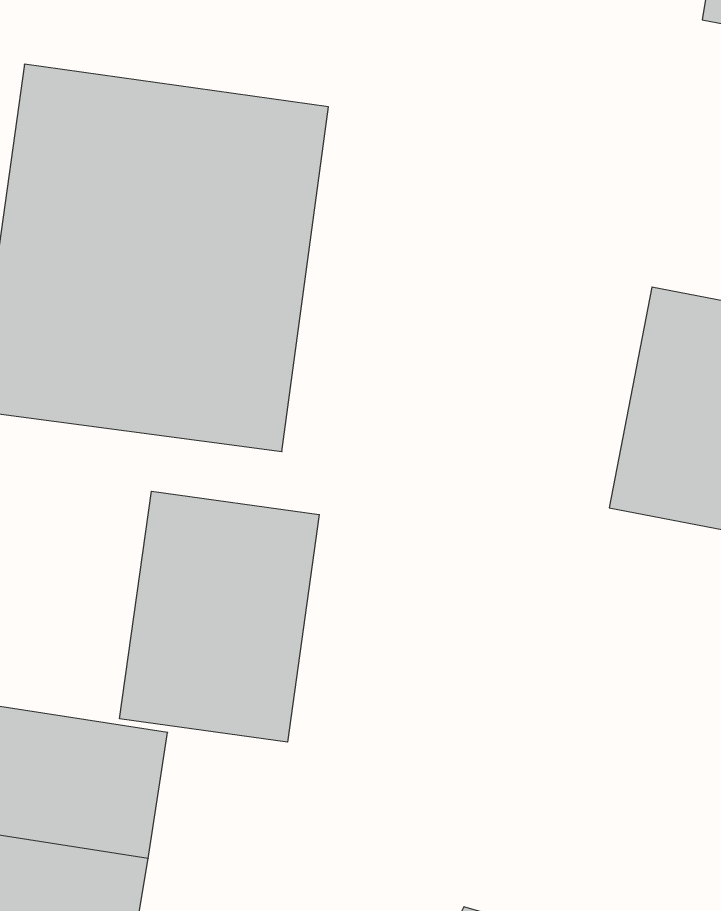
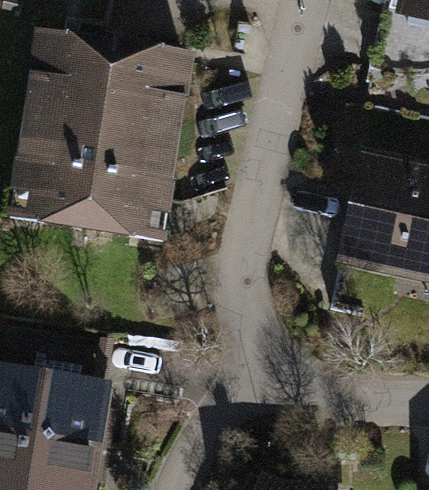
building: [120,491,319,742] -> none

